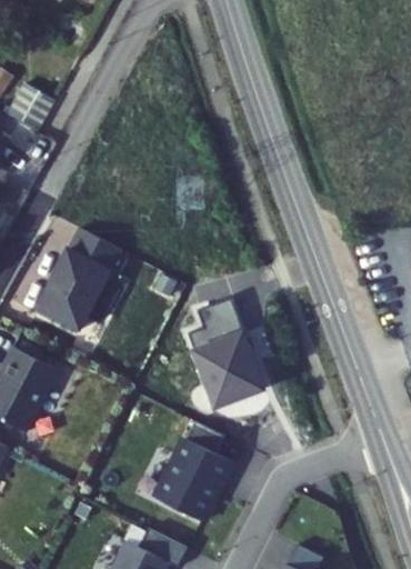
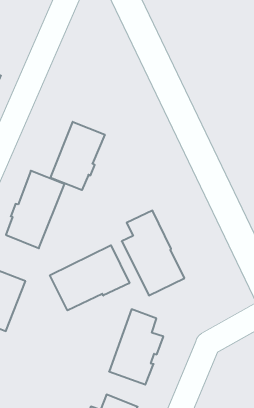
building: none -> [50,122,105,190]
building: none -> [50,245,129,310]

